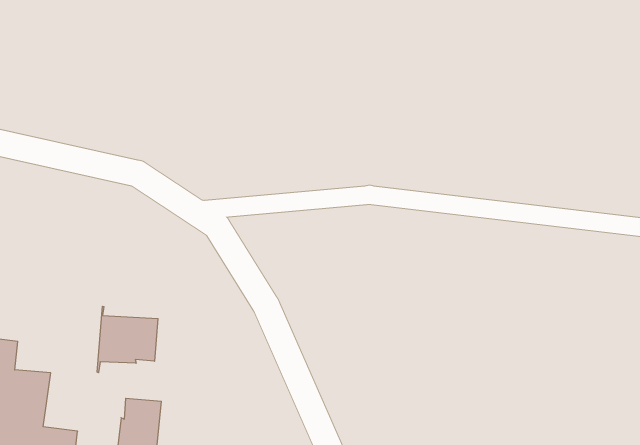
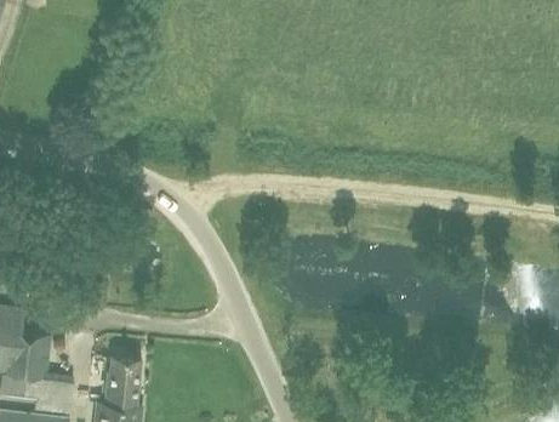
building: [97,306,158,373] -> none

